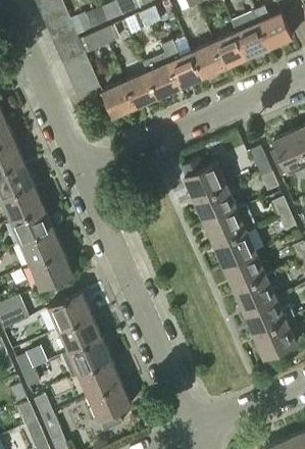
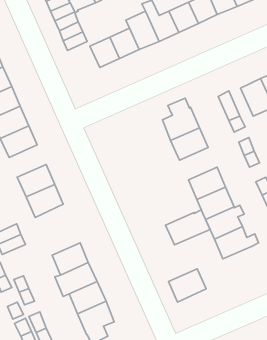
building: [11,205,53,242] -> none
building: [205,205,256,245] -> [165,210,210,245]
building: [50,294,92,331] -> none
building: [254,320,297,358] -> [169,269,206,302]

